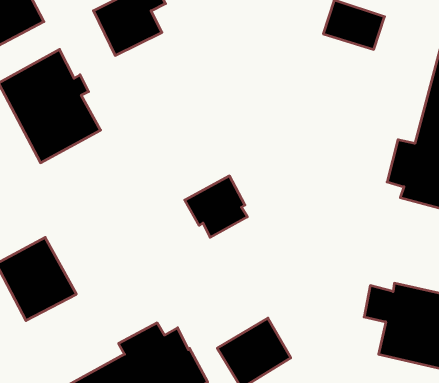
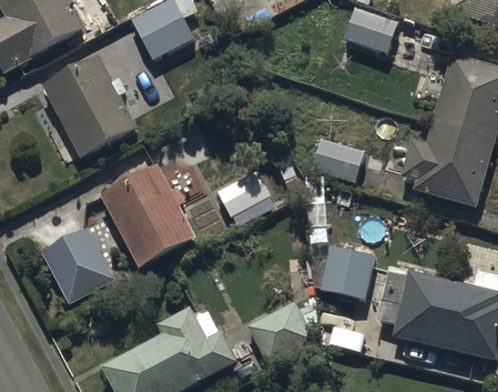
building: none -> [309,135,364,185]
building: none -> [100,163,196,268]
building: none -> [318,244,376,301]

